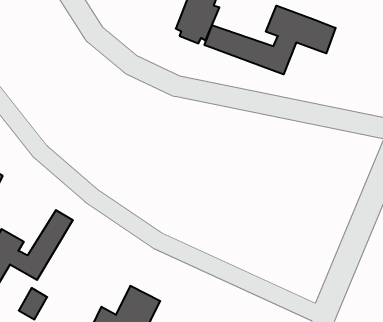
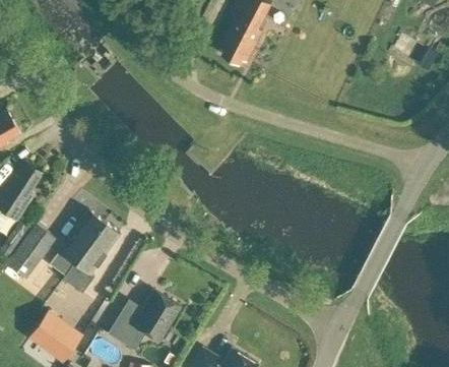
building: [205,6,336,74] -> none
building: none -> [62,223,119,294]

